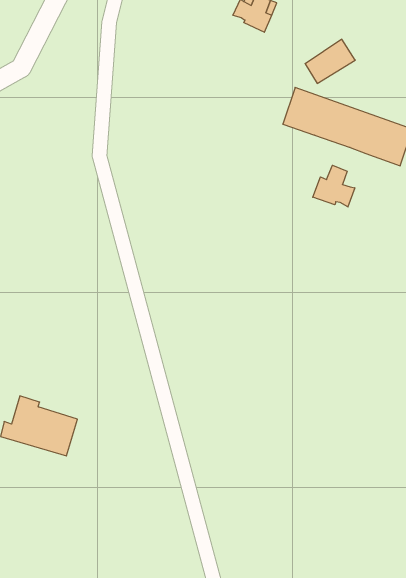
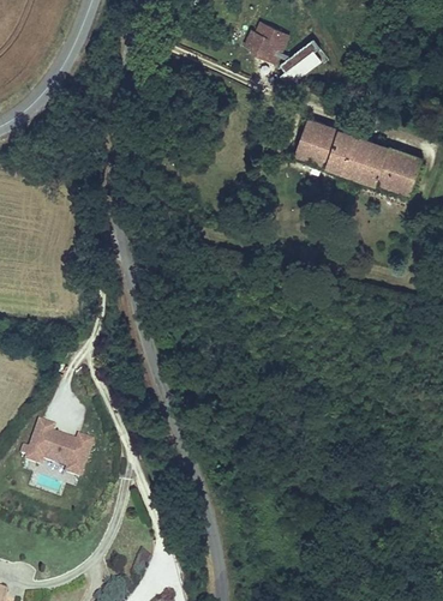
building: [305,39,355,83] -> [276,41,325,84]
building: [313,165,355,207] -> none

